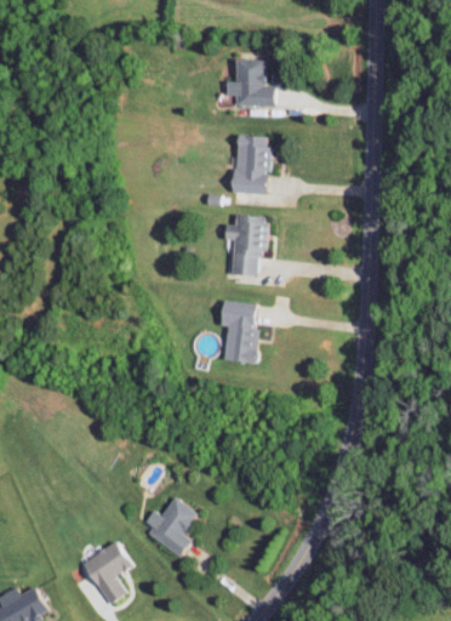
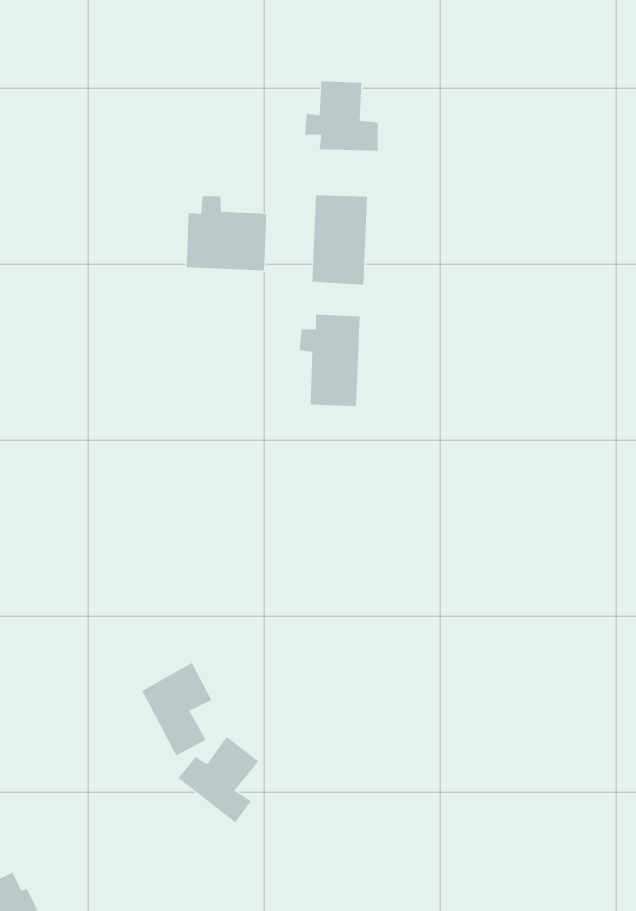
building: none -> [186,195,267,271]
building: [218,300,259,364] -> none
building: [82,542,130,605] -> [141,662,212,756]

